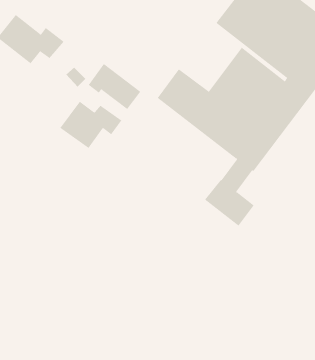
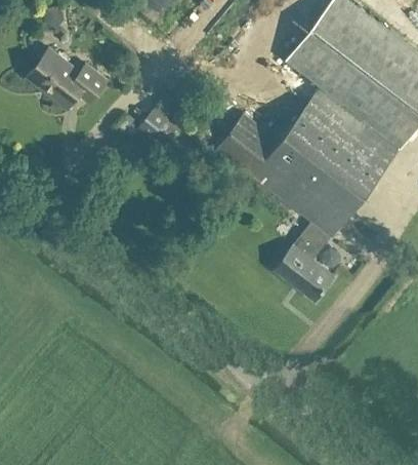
building: [60,101,122,149] -> none

